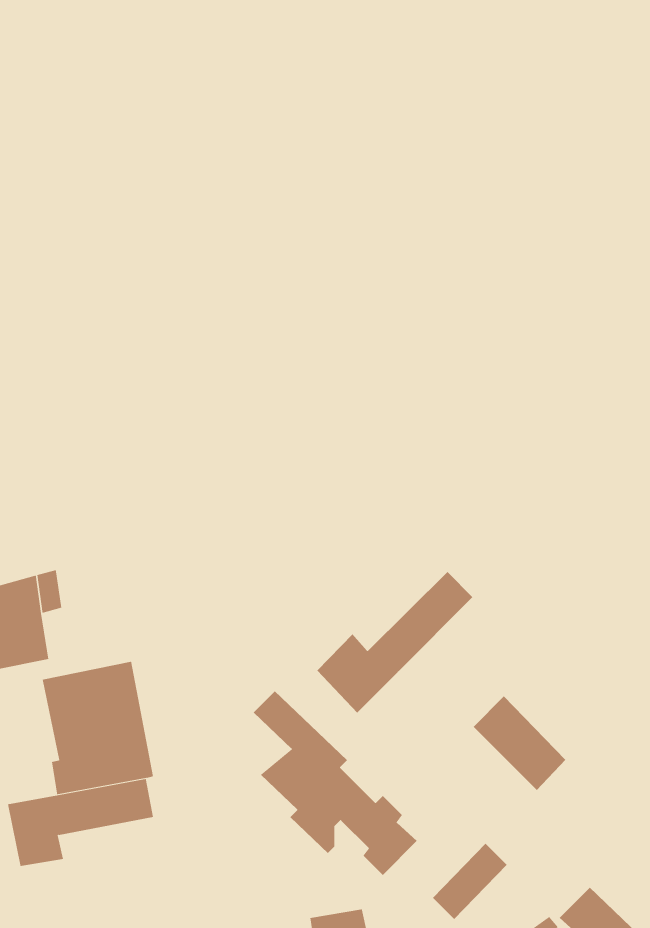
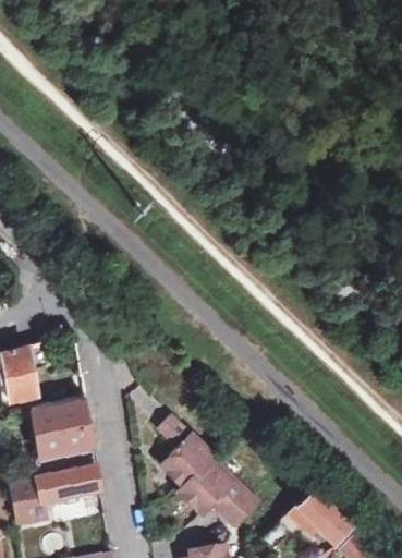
building: [316,571,473,713] -> none
building: [473,696,566,791] -> [295,487,351,544]

